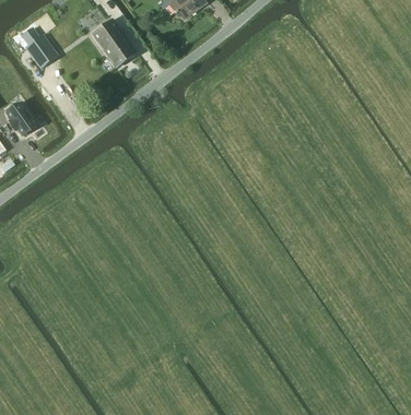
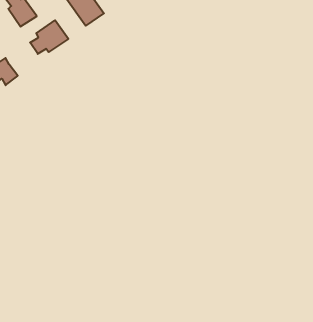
building: none -> [30,20,68,54]

